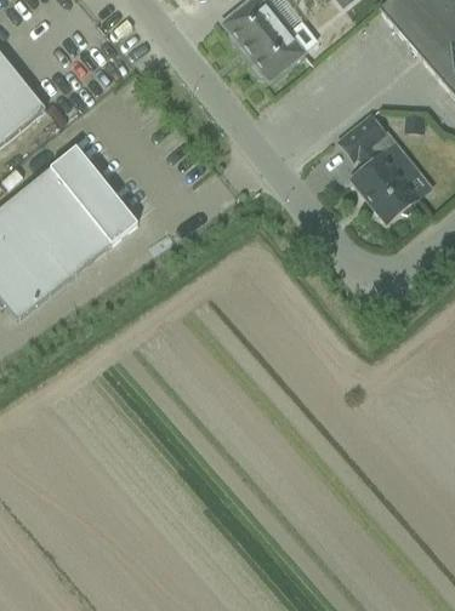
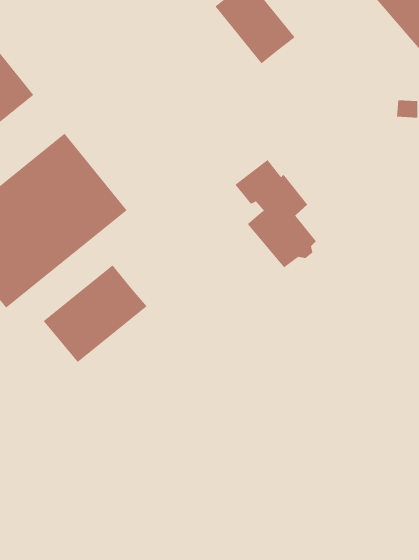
building: [339,114,420,222] -> [235,159,317,268]
building: none -> [43,265,147,363]

